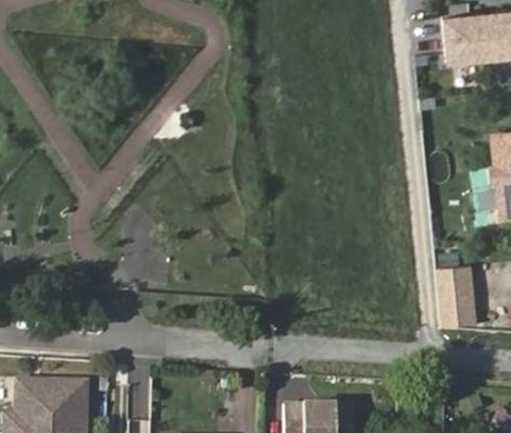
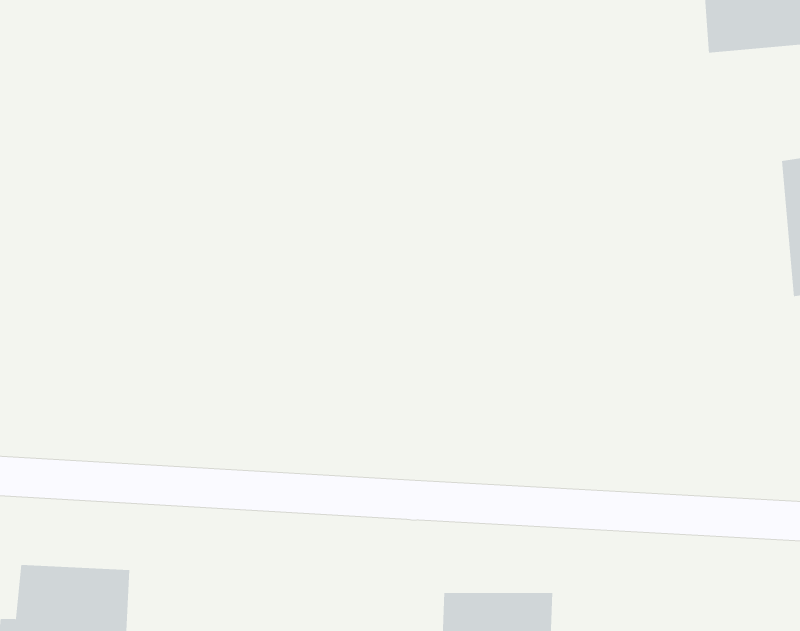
building: [437,267,479,329] -> none

